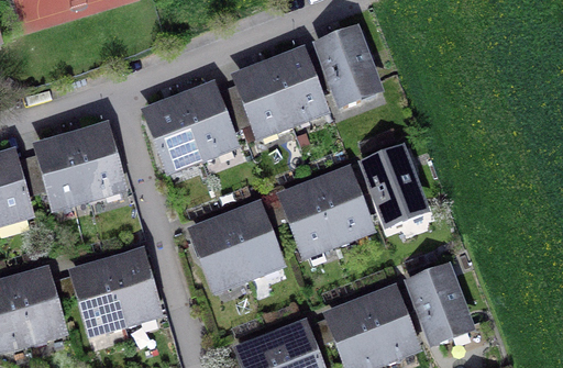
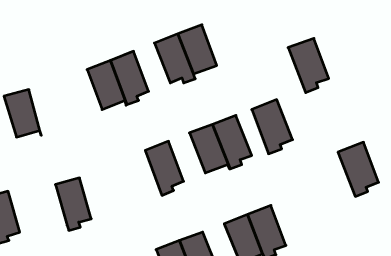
building: [321,31,375,102] -> [288,38,329,93]
building: [73,126,120,197] -> none
building: [196,216,249,281] -> none
building: [76,261,125,326] -> none
building: [412,268,466,339] -> [338,142,379,196]

